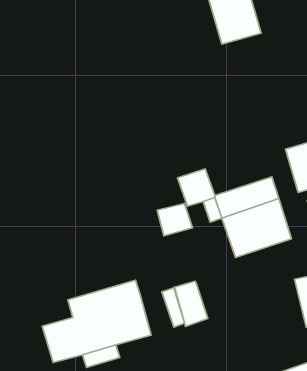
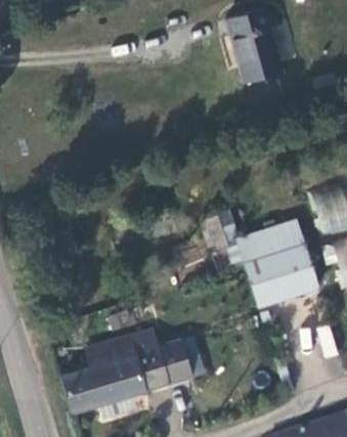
building: [175,281,208,326] -> [160,338,194,385]

